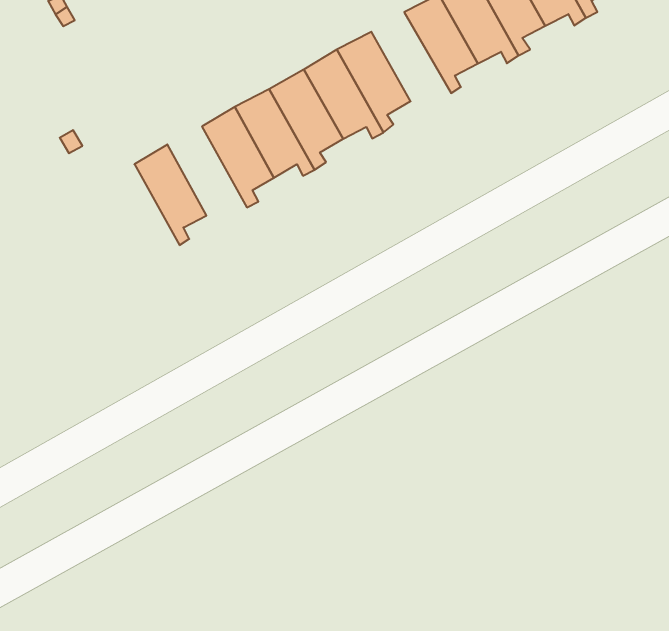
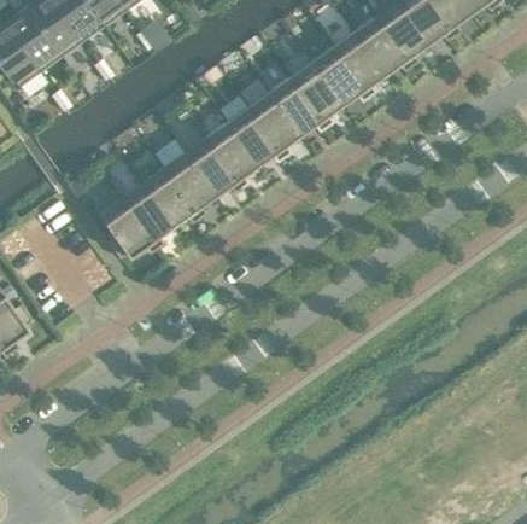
building: none -> [268,75,326,134]
building: none -> [140,167,198,226]
building: none -> [96,197,156,257]

